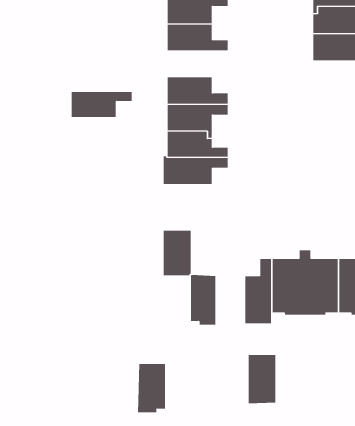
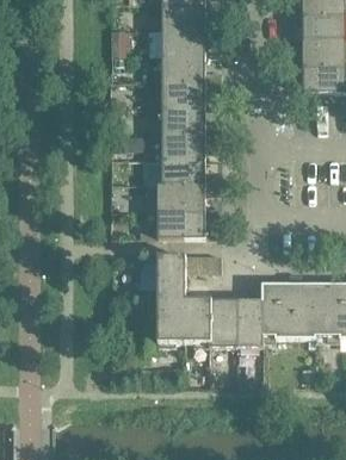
building: [71,91,133,117] -> [162,80,222,105]
building: none -> [159,209,222,235]
building: [248,354,276,404] -> [210,297,237,344]
building: [137,363,166,413] -> [157,297,185,344]

